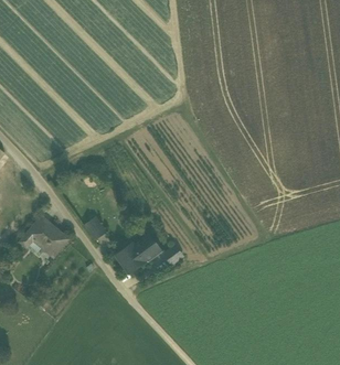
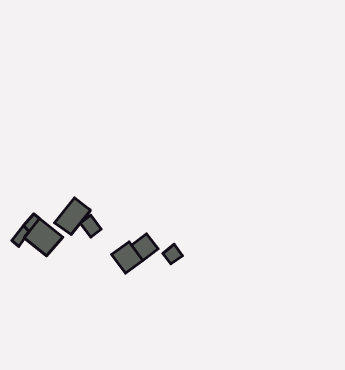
building: none -> [54,198,90,235]

